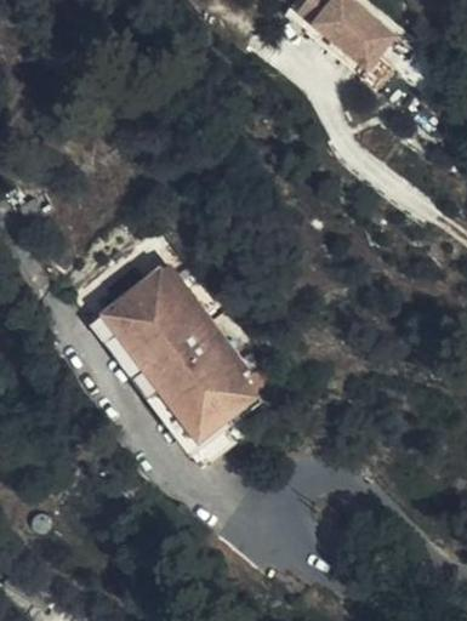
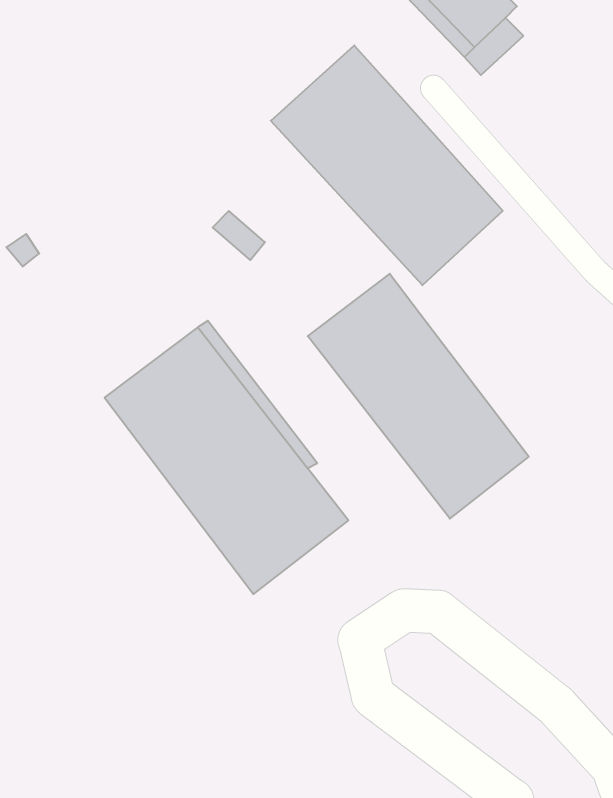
building: none -> [271,45,503,285]
building: none -> [308,274,529,519]

